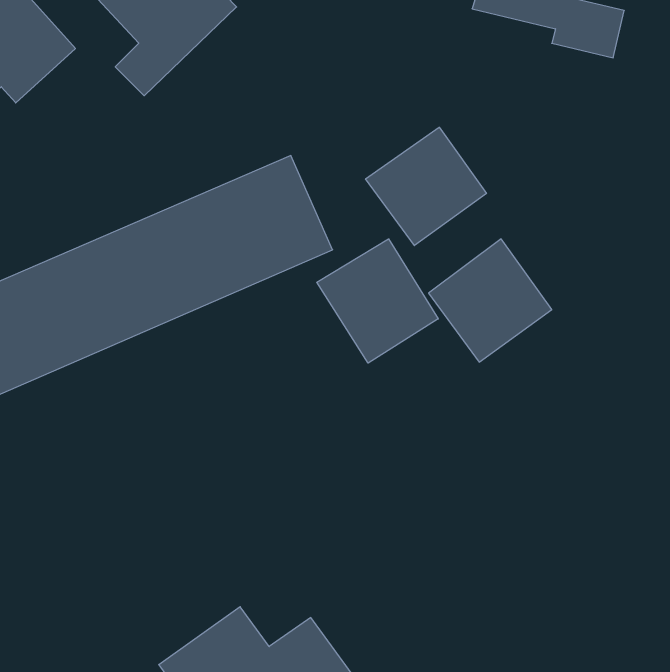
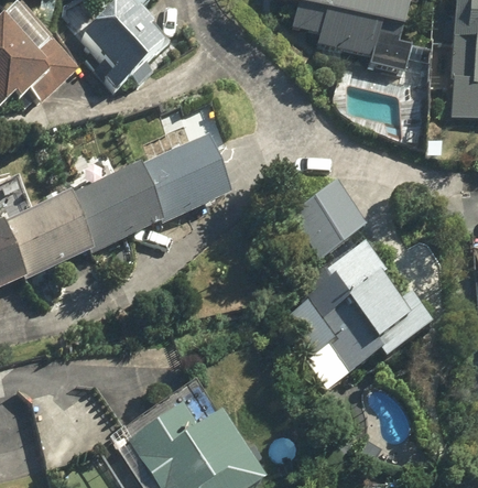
building: [366,127,486,246] -> none
building: [317,239,438,363] -> none
building: none -> [278,245,430,386]

